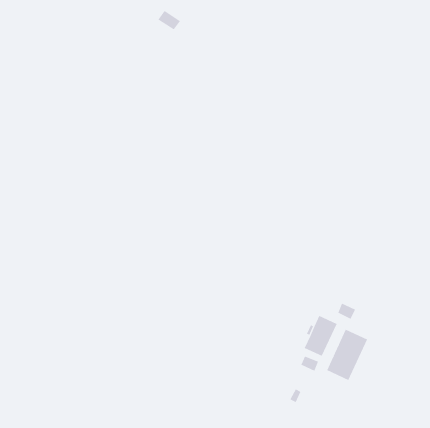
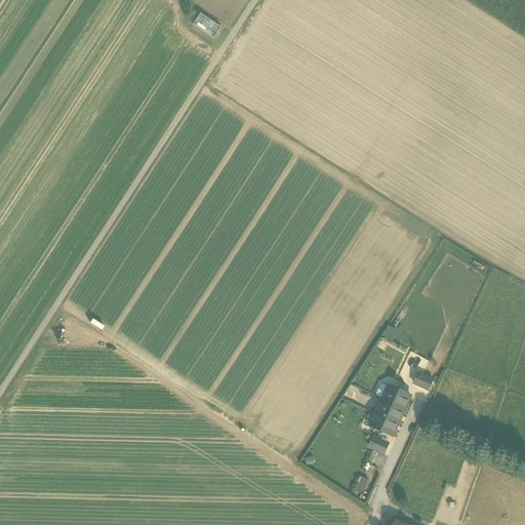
building: [326,329,368,381] -> none

